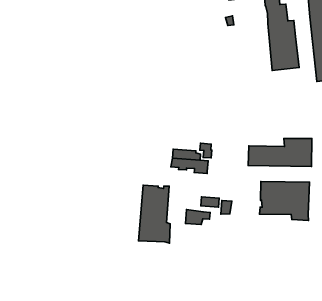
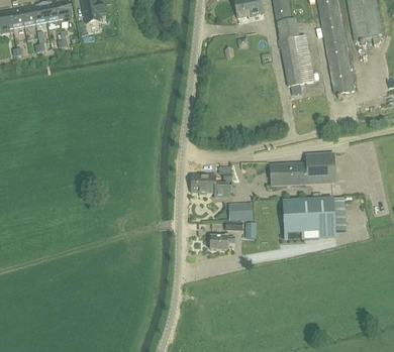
building: none -> [228,201,253,218]
building: [139,185,170,243] -> none

